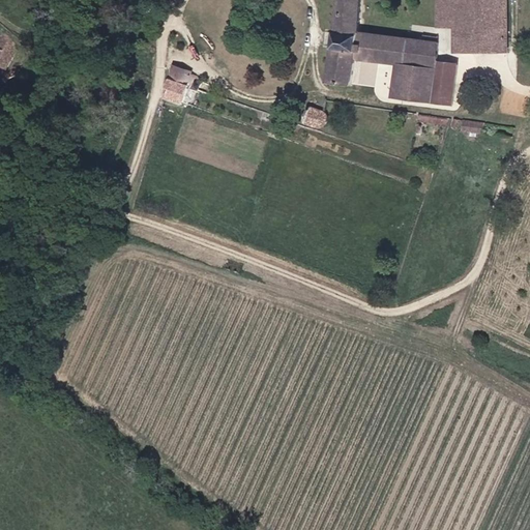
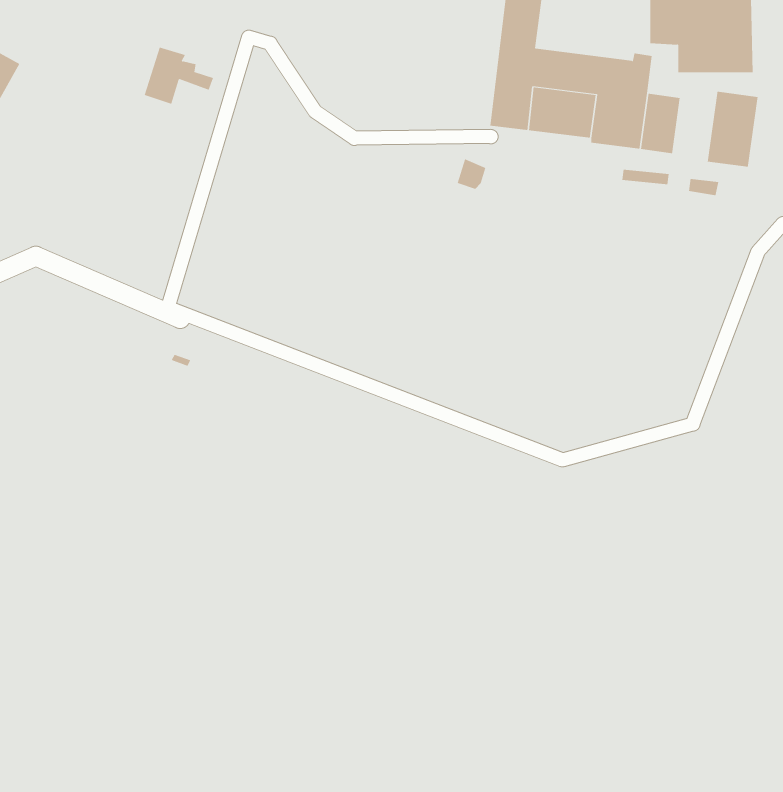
building: none -> [707,91,758,168]
building: [160,64,207,102] -> [144,47,214,104]

